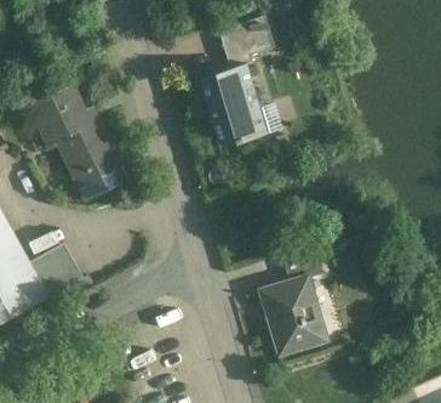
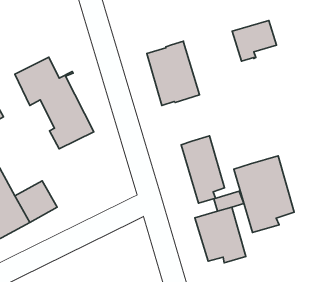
building: [218,16,275,68] -> [232,21,276,61]
building: none -> [181,136,224,203]
building: none -> [234,156,294,232]

